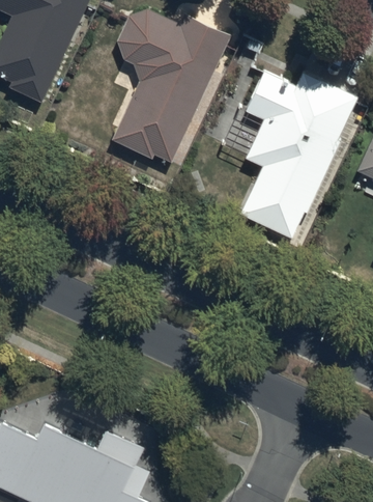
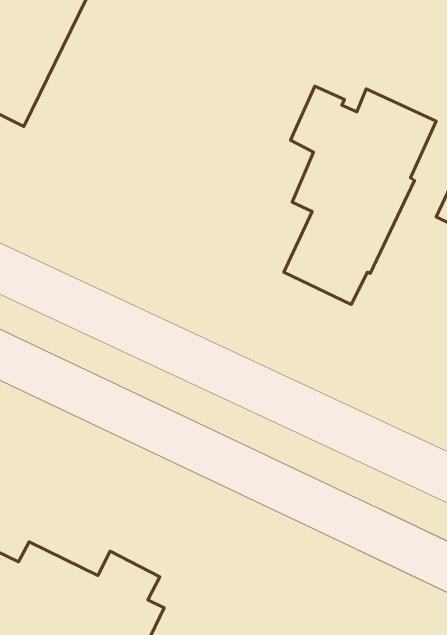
building: [115,10,230,164] -> none

